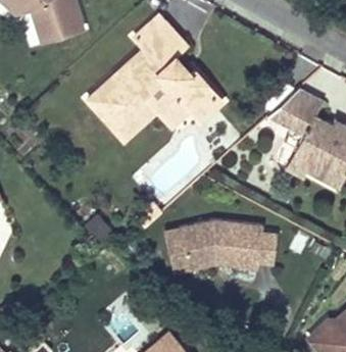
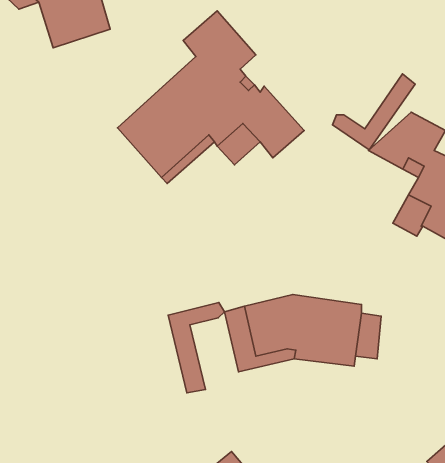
building: none -> [333,74,415,150]
building: none -> [168,302,224,393]

